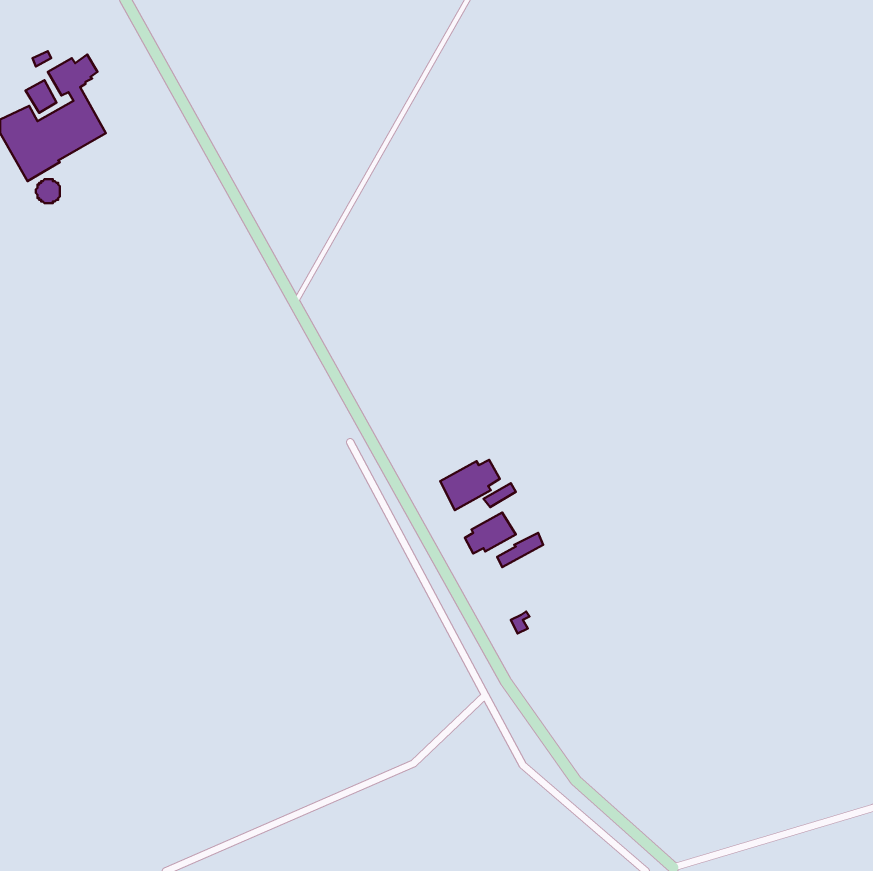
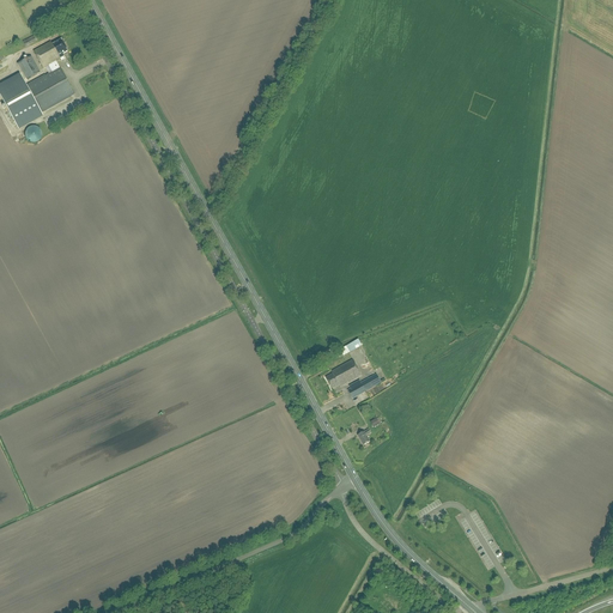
building: [440,460,500,510] -> none

